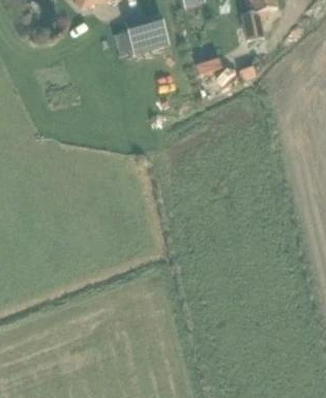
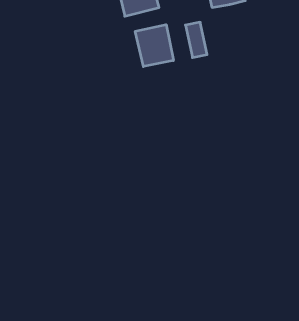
building: none -> [135,25,173,67]

